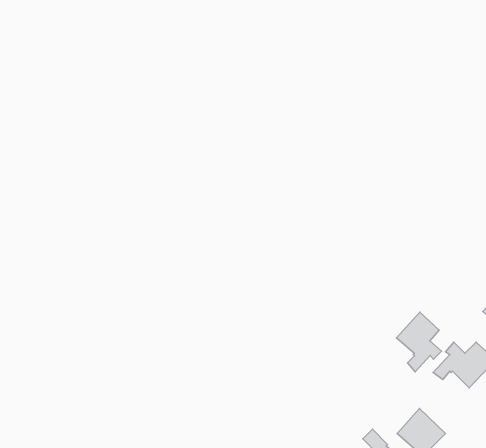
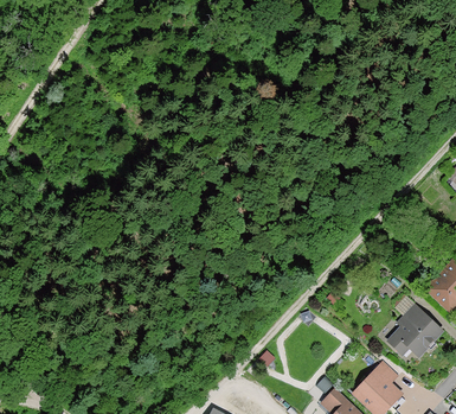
building: [397,312,442,372] -> none

